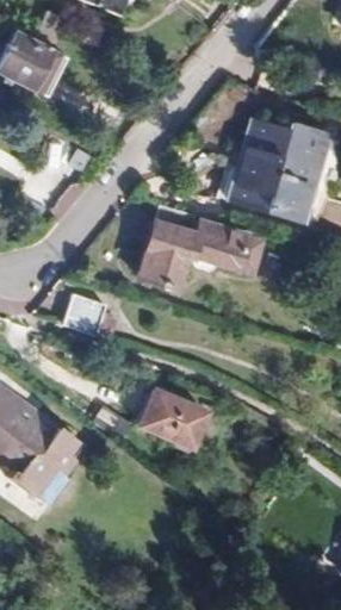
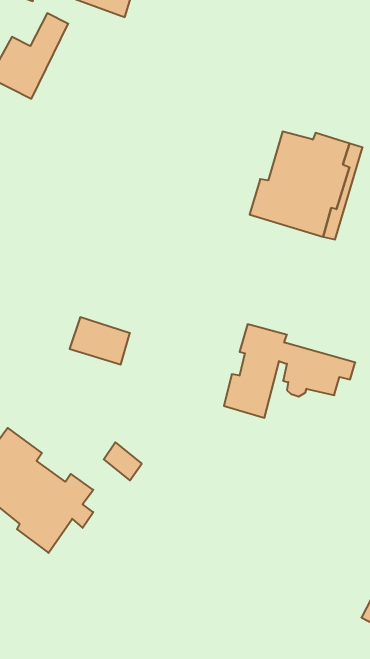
building: [140,206,259,291] -> [224,324,355,418]
building: [142,392,209,450] -> none

